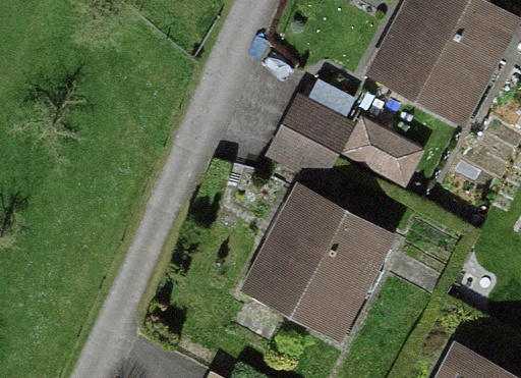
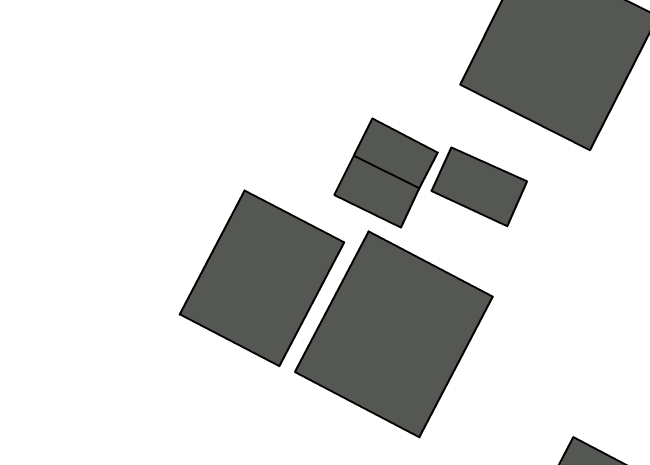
building: none -> [180,190,344,366]

